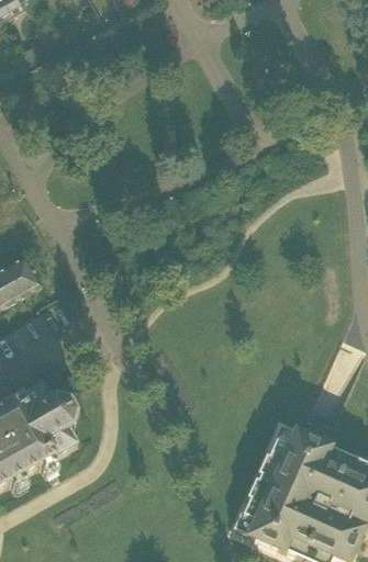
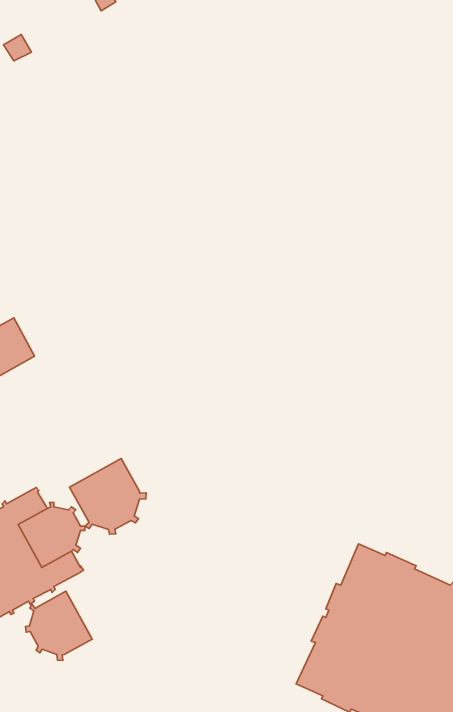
building: none -> [69,458,146,534]
building: none -> [26,591,92,661]

